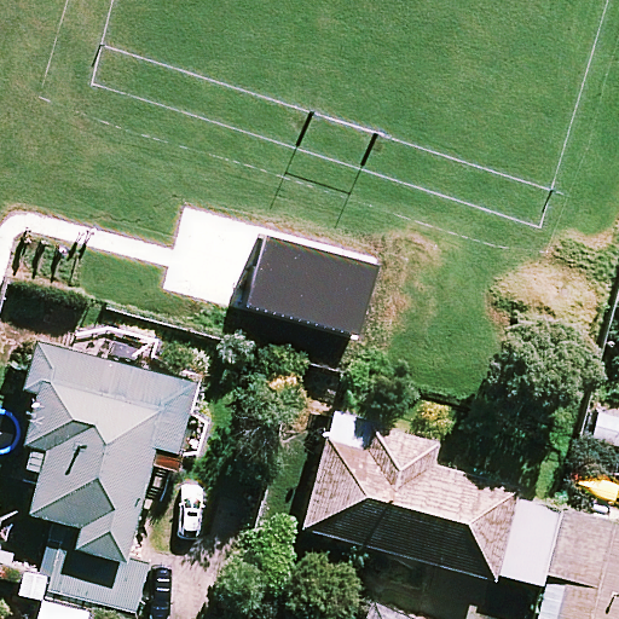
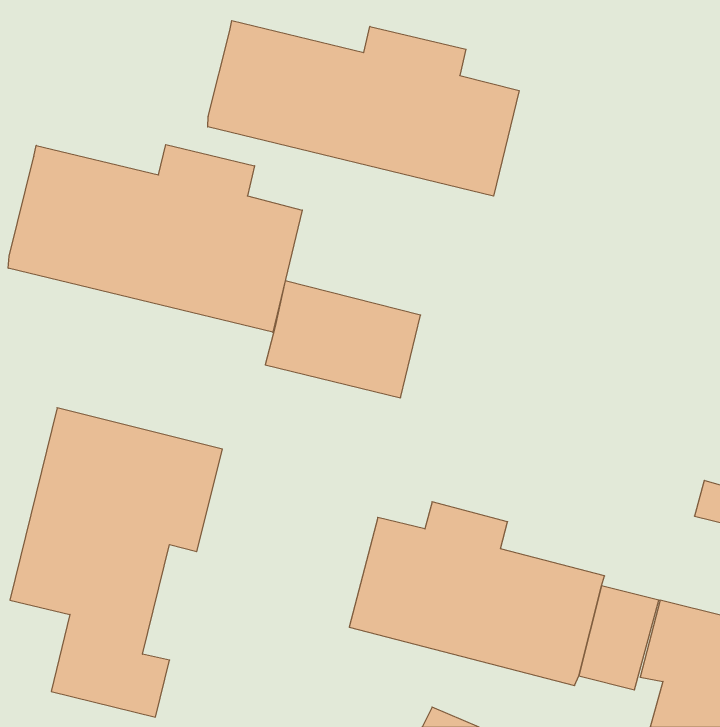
building: none -> [208,21,519,196]
building: none -> [8,145,302,332]

